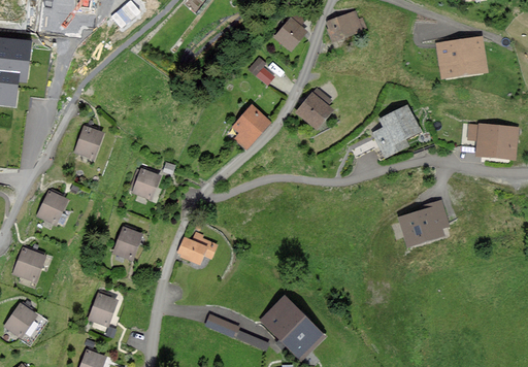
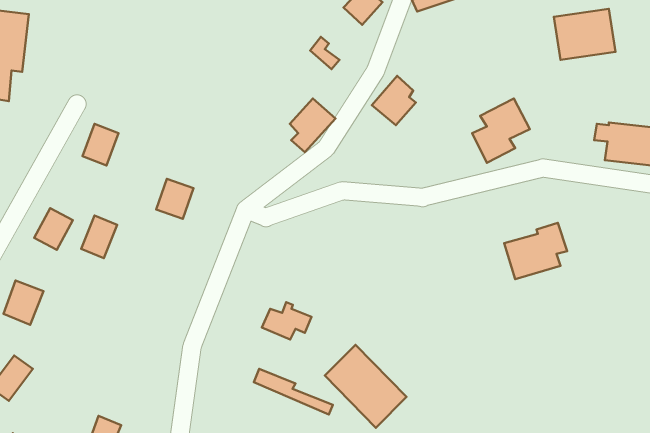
building: [113,227,141,260] -> [81,215,117,258]
building: [177,233,216,262] -> [262,302,312,340]
building: [91,295,116,324] -> none

